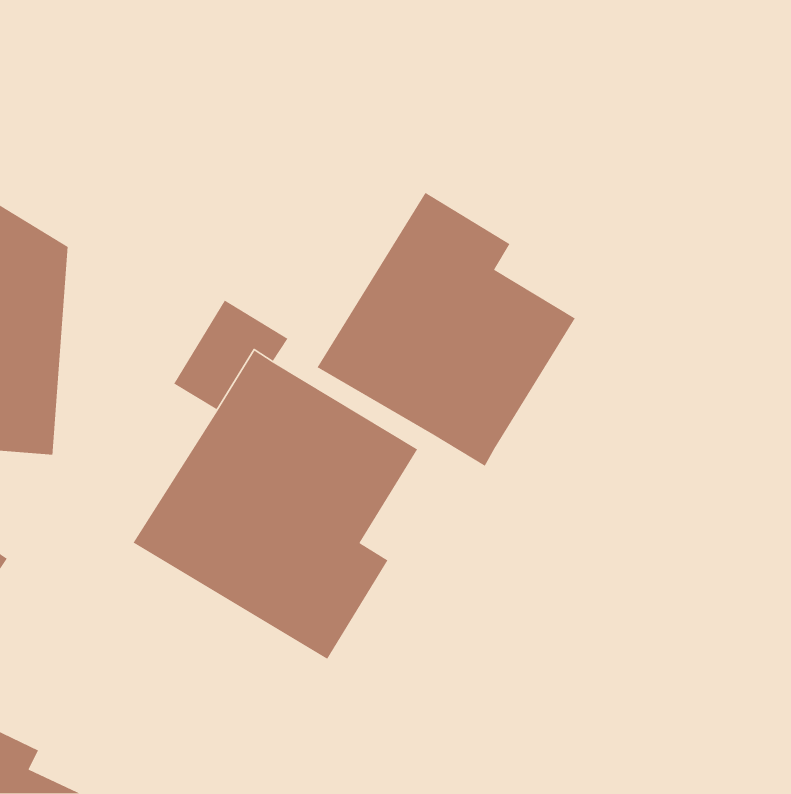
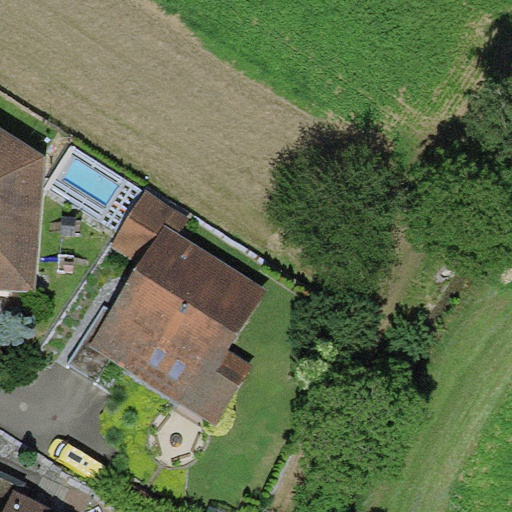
building: [316,192,576,467] -> none

